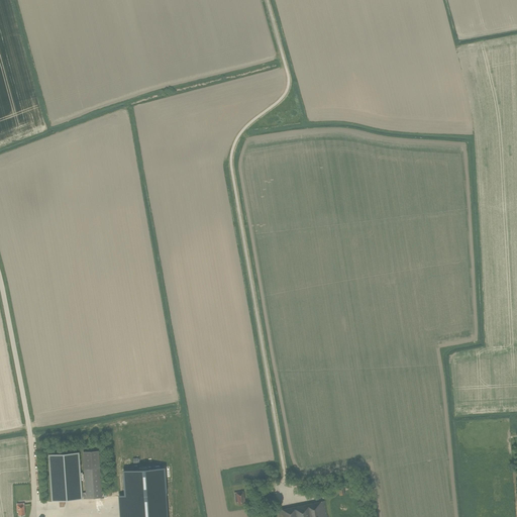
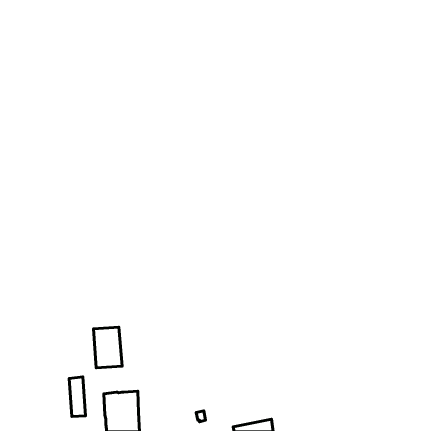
building: [48,453,83,502] -> [94,327,122,368]

